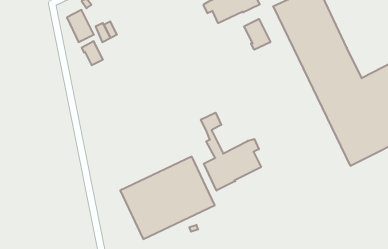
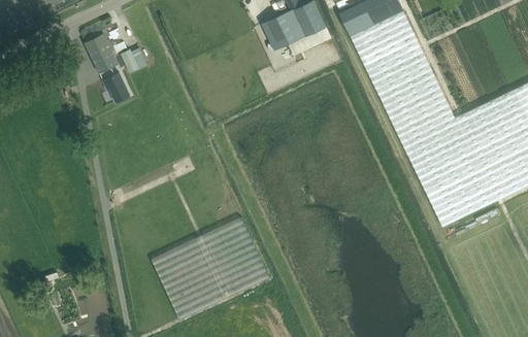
building: [244,19,270,50] -> none
building: [201,113,261,191] -> none

